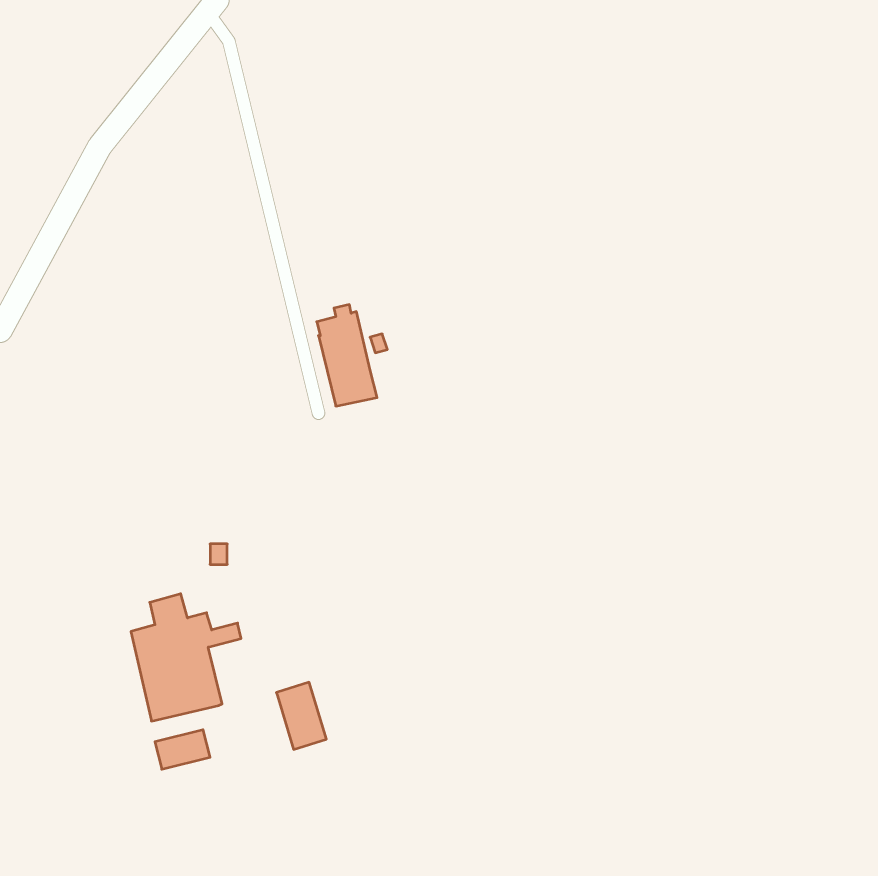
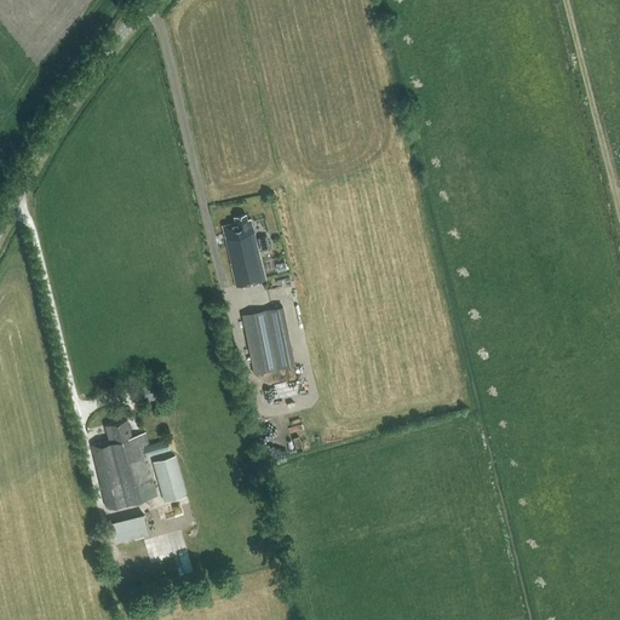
building: none -> [242,311,280,375]
building: [276,682,326,749] -> [154,457,189,504]

